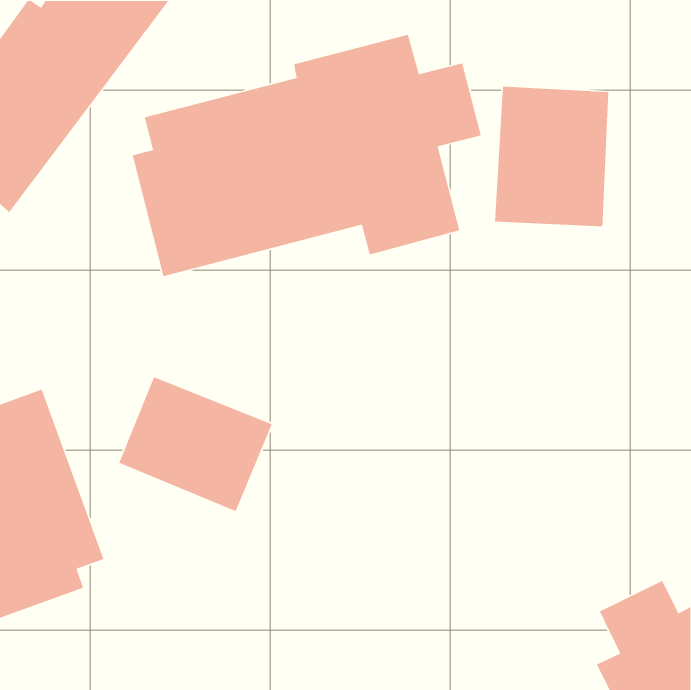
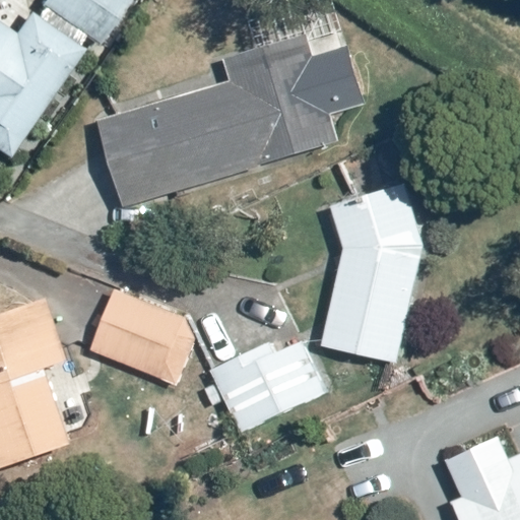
building: [494,86,609,227] -> none
building: none -> [319,185,427,361]
building: none -> [207,336,324,436]

